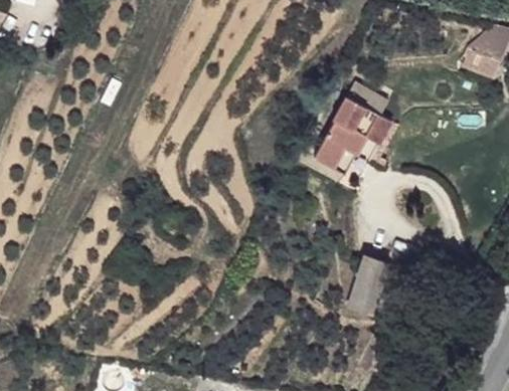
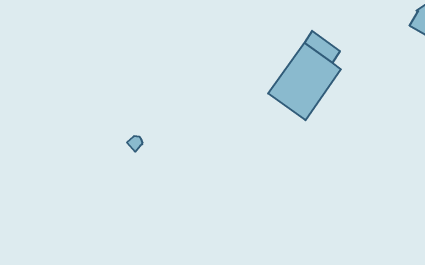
building: [346,255,389,317] -> none

